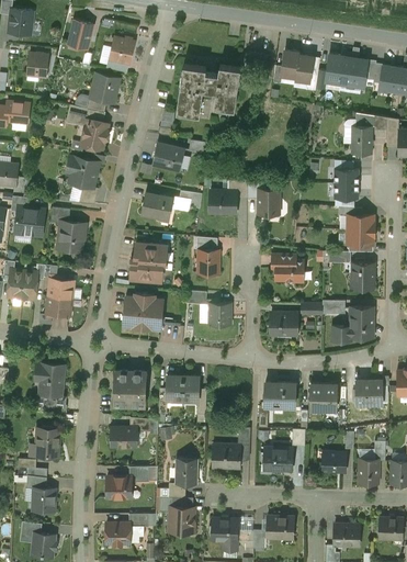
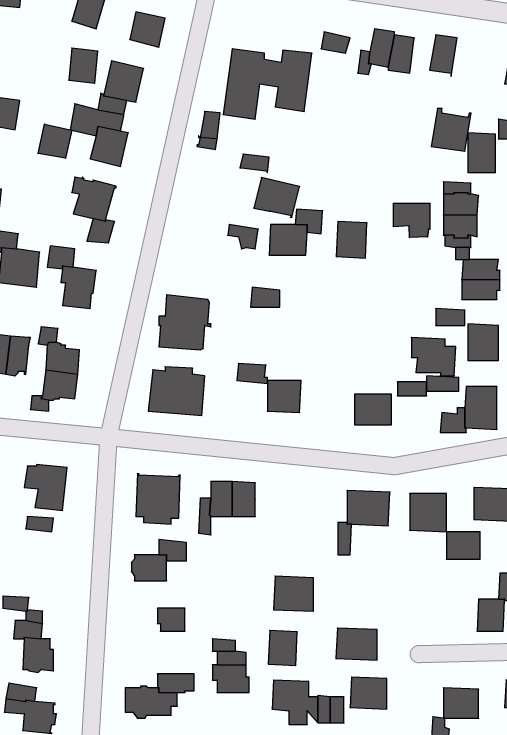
building: [27,53,48,78] -> [69,48,98,83]
building: [340,57,369,88] -> [431,108,471,151]
building: none -> [38,124,72,158]
building: [152,142,185,170] -> [254,177,300,217]
building: none -> [394,203,430,238]
building: [142,192,173,221] -> none
building: [199,250,218,273] -> none
building: [272,255,304,282] -> [411,337,456,376]
building: [36,428,60,457] -> none
building: [263,448,293,471] -> [336,628,377,660]
building: [323,452,347,472] -> [446,532,480,559]
building: [177,459,197,484] -> [268,630,297,666]
building: [108,477,132,499] -> none

